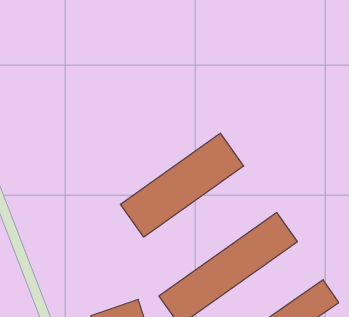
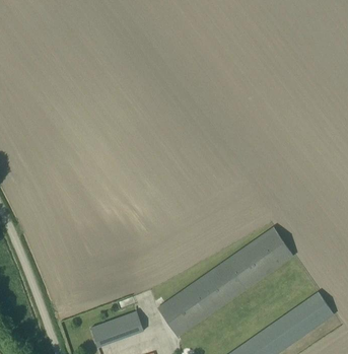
building: [120,133,244,237] -> none

